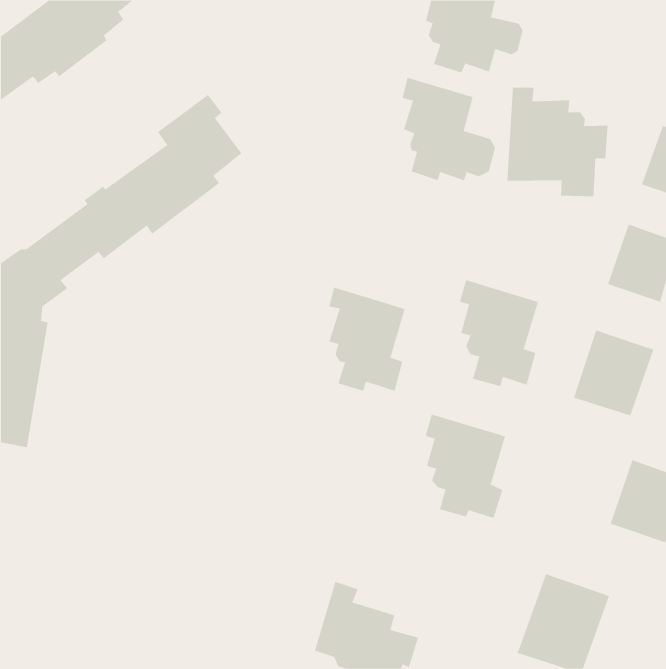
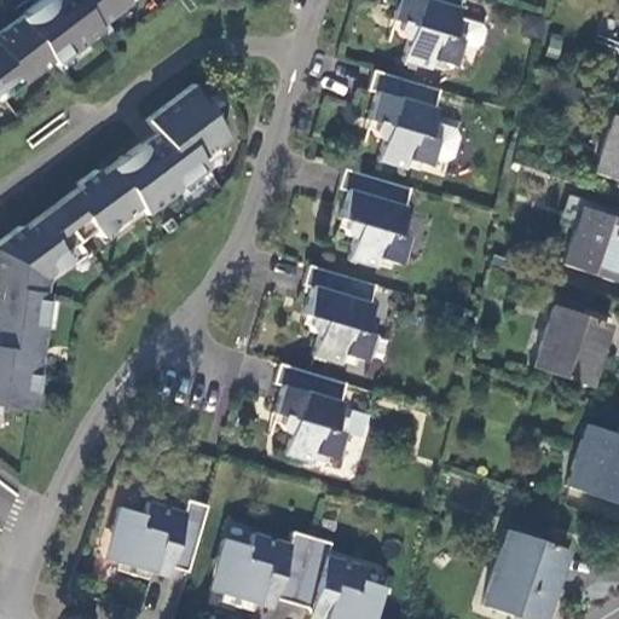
building: [507,87,608,197] -> none
building: [459,279,539,387] -> [339,167,412,266]
building: [425,414,506,519] -> [274,363,349,459]
building: none -> [110,499,208,574]
building: none -> [213,531,312,603]

